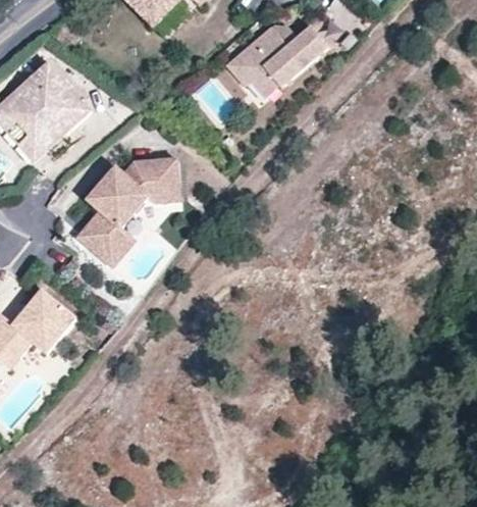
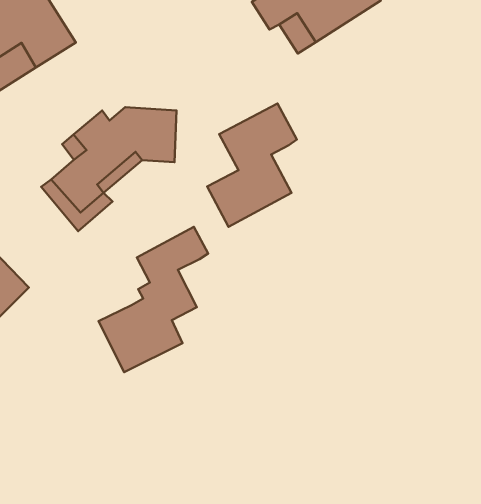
building: none -> [207,103,297,227]
building: none -> [98,227,208,372]

